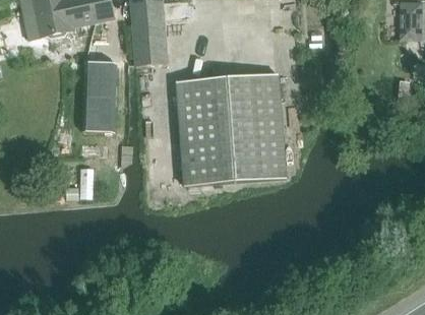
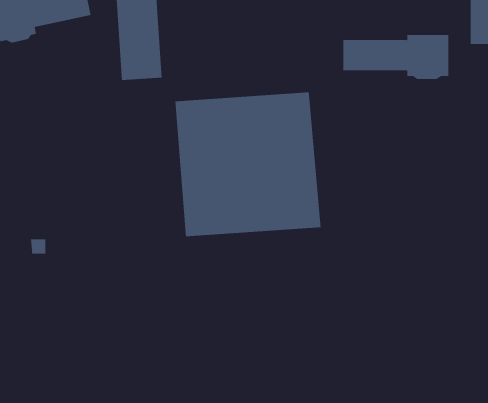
building: none -> [343,34,449,80]
building: [82,61,117,131] -> none

